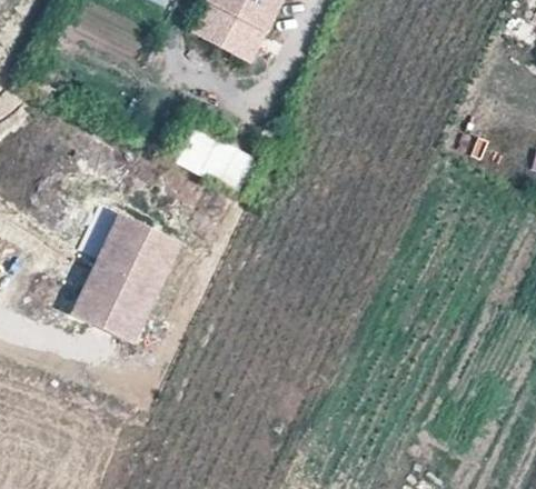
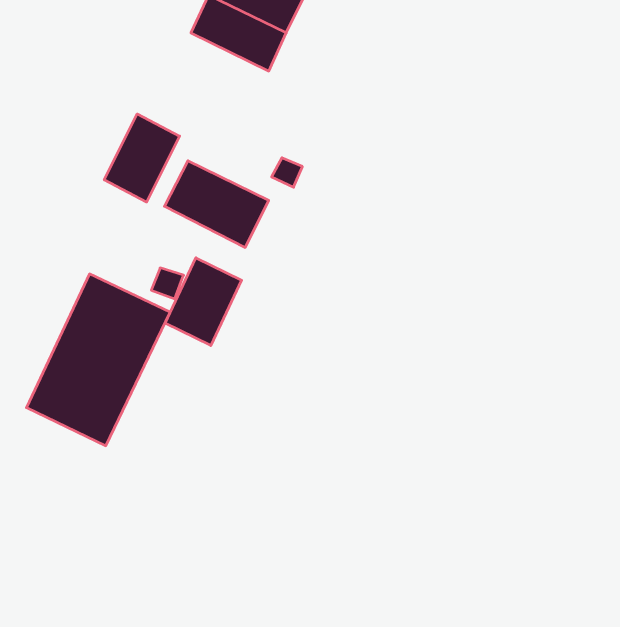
building: none -> [104,114,180,202]
building: none -> [165,258,242,346]

